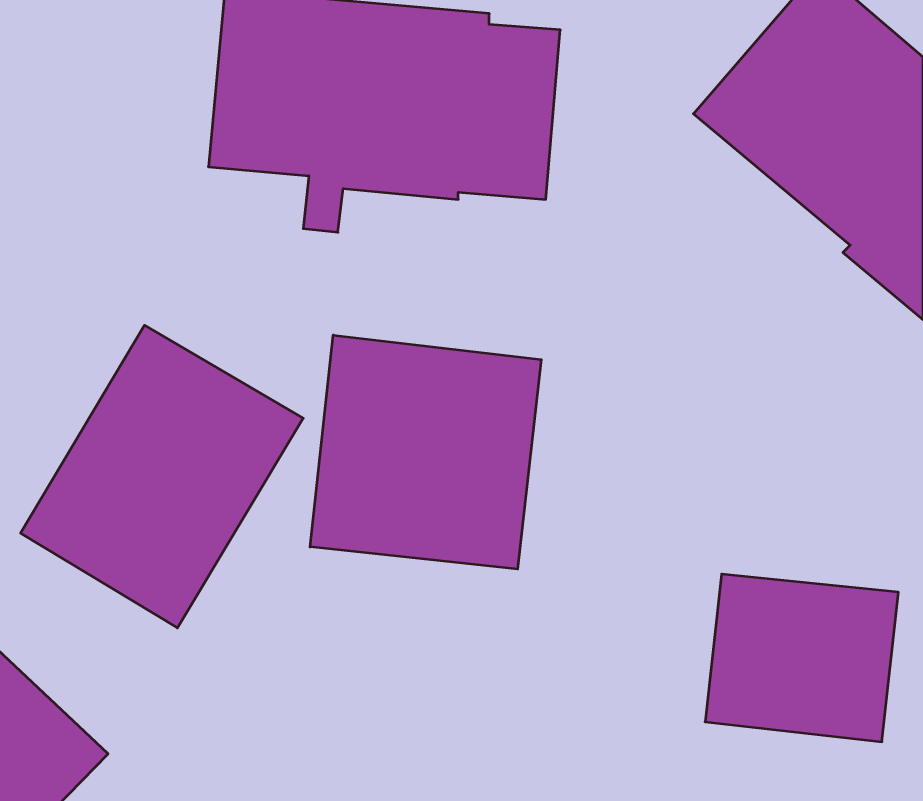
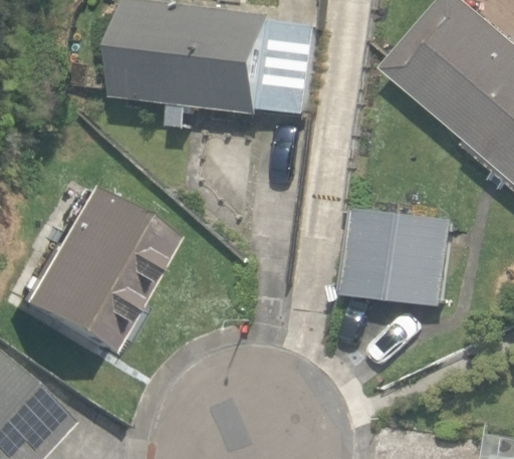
building: [310,335,541,569] -> none
building: [705,574,898,742] -> [343,212,450,304]

